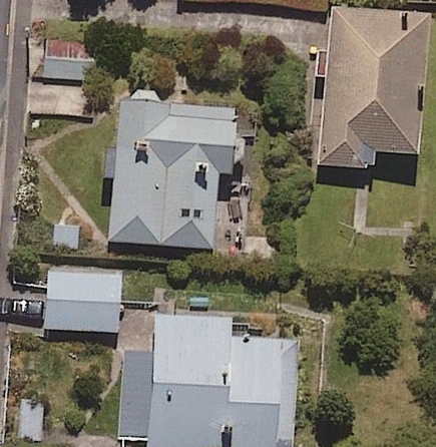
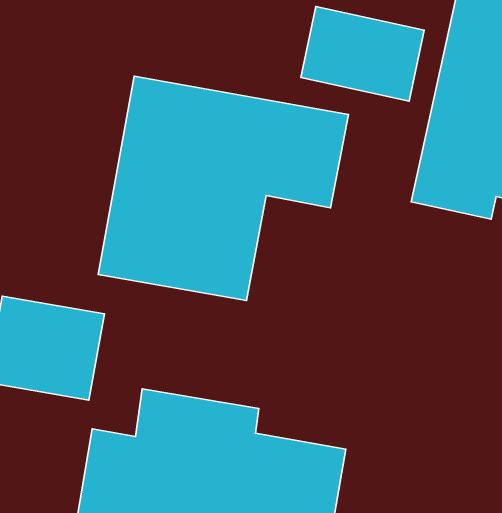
building: none -> [301,6,424,101]

